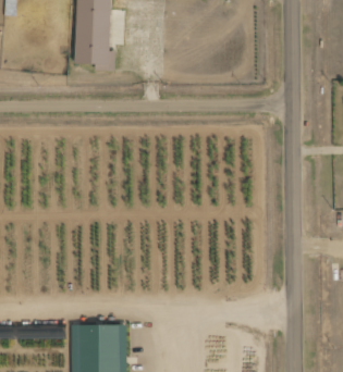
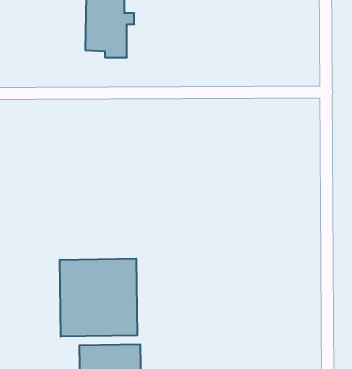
building: none -> [60,259,137,337]

